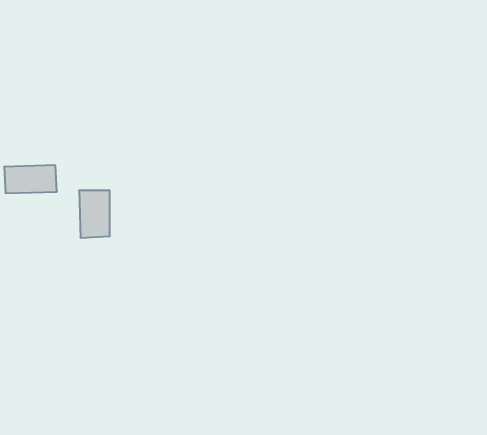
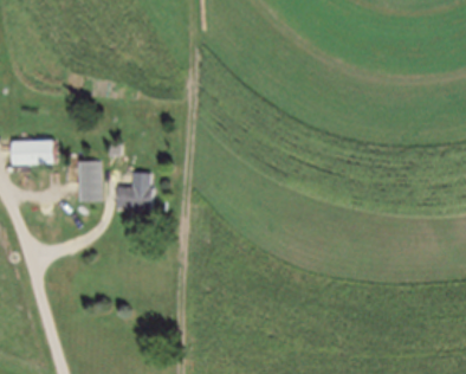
building: none -> [116,172,154,209]

